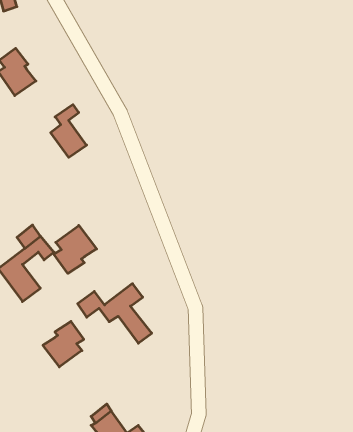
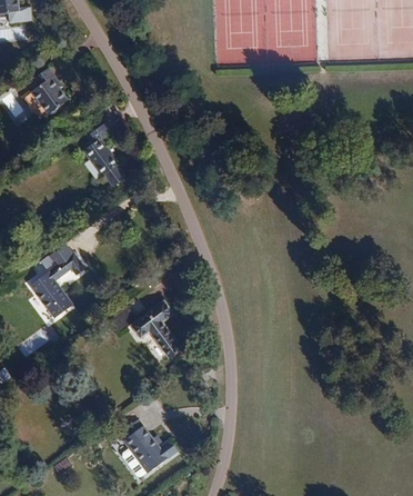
building: [54,225,97,273] -> none
building: [43,321,84,367] -> none

